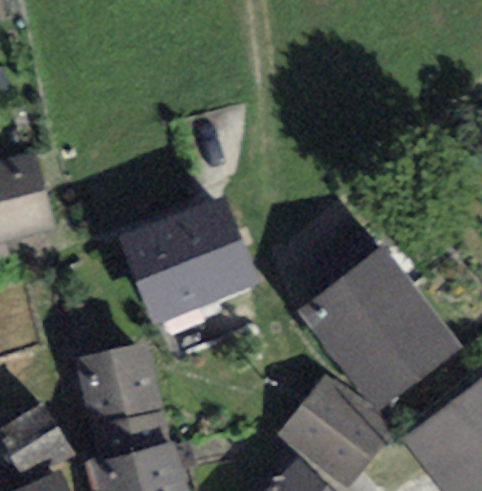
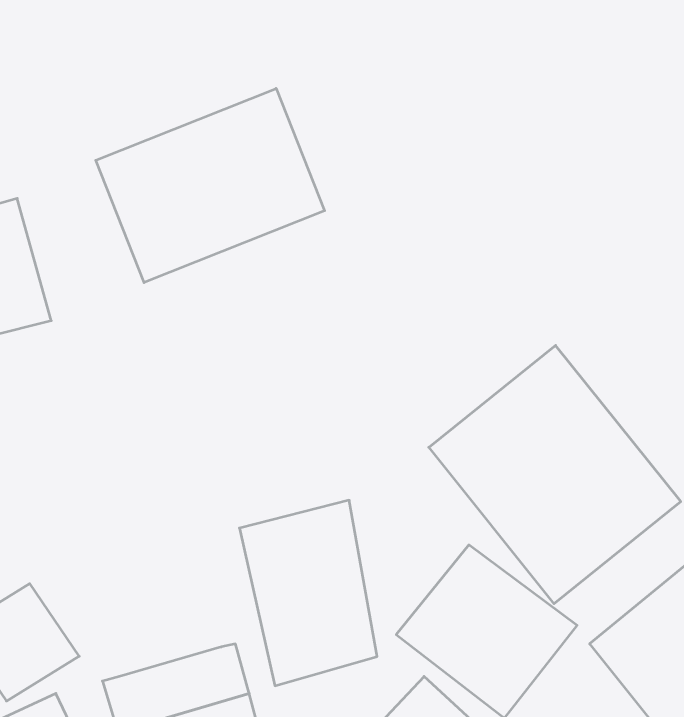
building: none -> [96,88,325,283]
building: [119,198,258,324] -> none
building: [76,341,165,461] -> [239,500,377,686]

